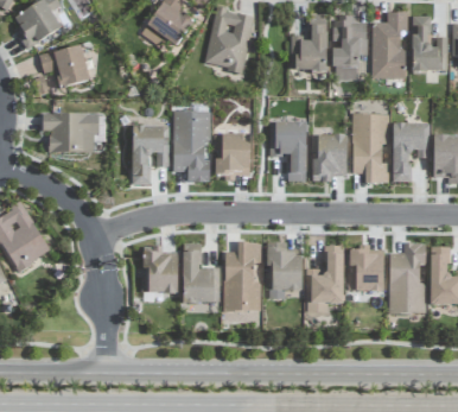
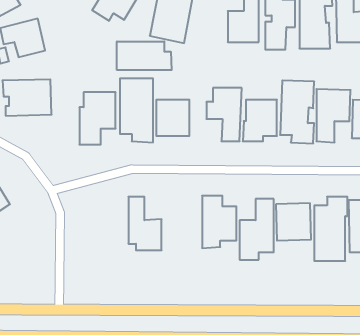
building: none -> [117,41,172,70]
building: [222,242,260,311] -> none
building: [139,246,183,294] -> none

